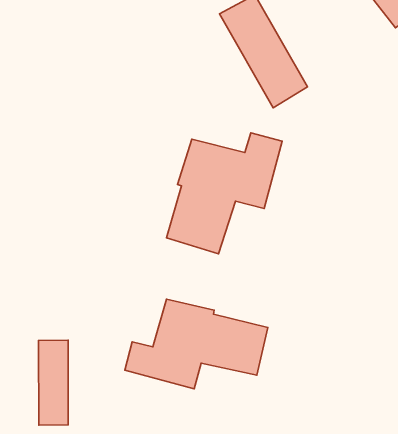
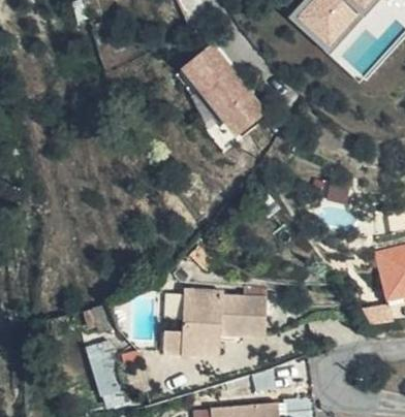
building: [166,133,282,254] -> none

